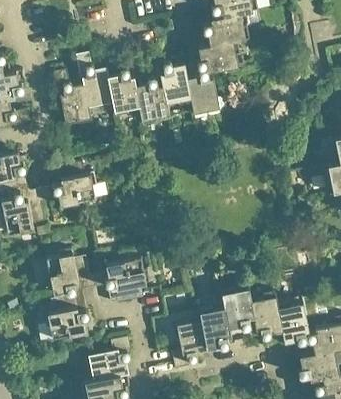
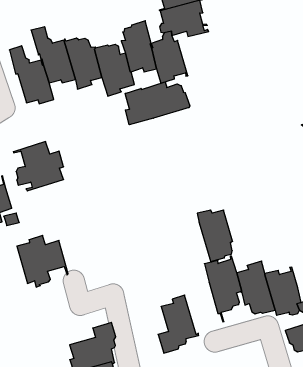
building: none -> [125,82,190,125]
building: [99,259,148,306] -> none
building: [42,295,91,341] -> none
building: [198,307,229,356] -> [197,210,233,262]

